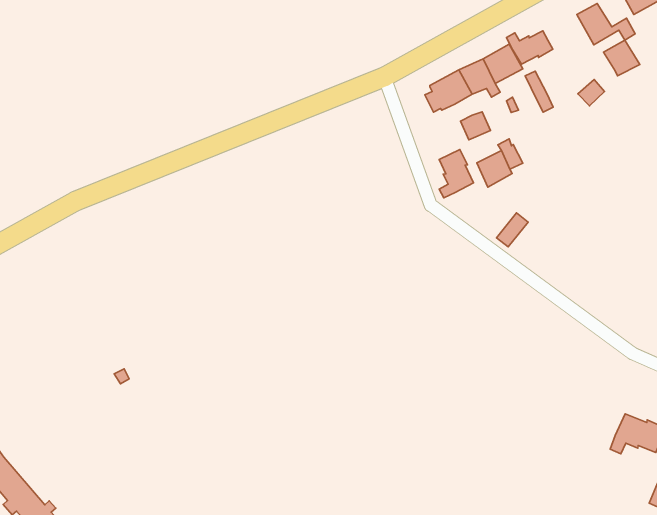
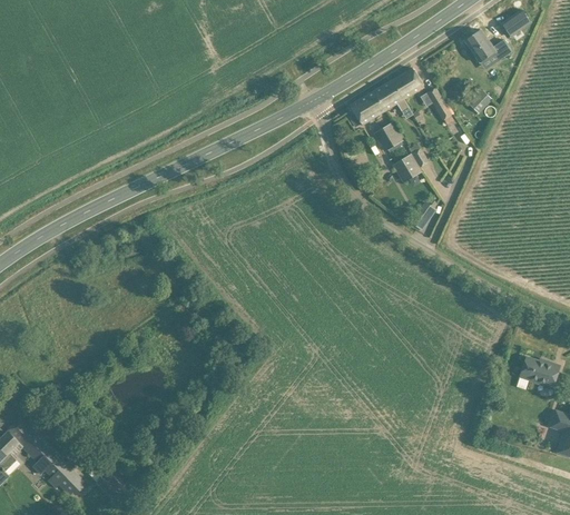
building: [506,31,553,64] -> none
building: [604,40,640,76] -> none
building: [439,149,474,198] -> none

